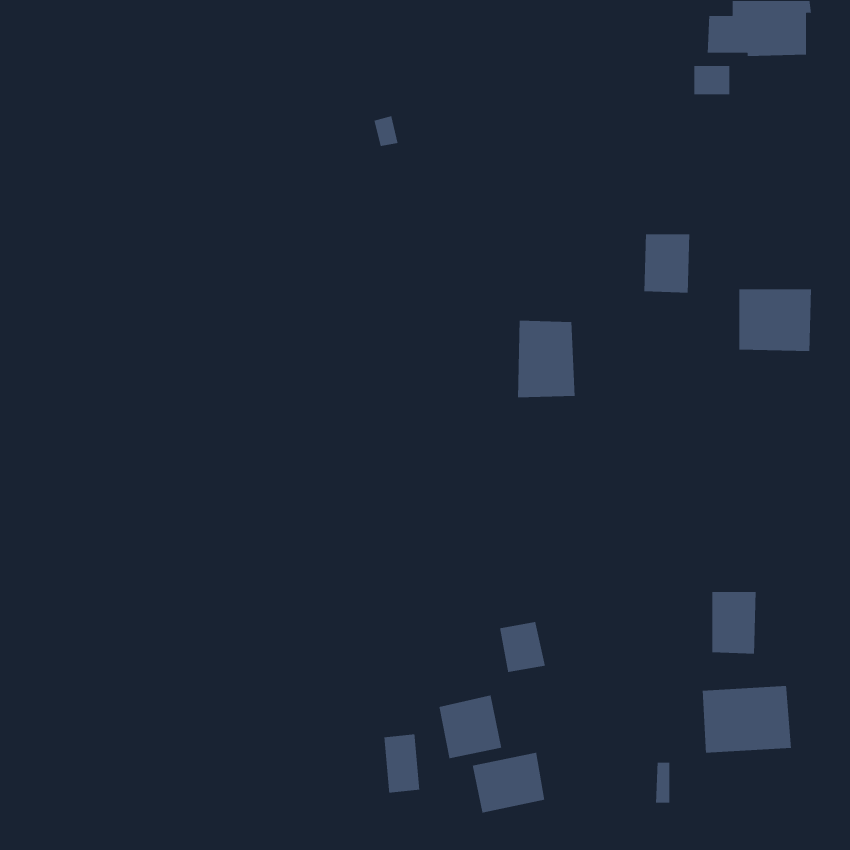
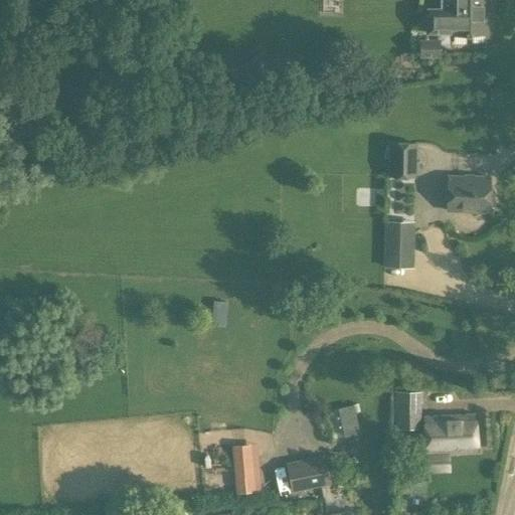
building: [517,320,576,398] -> [382,221,417,269]
building: [711,591,756,655] -> [395,391,422,430]
building: [499,621,546,673] -> [332,405,360,437]
building: [439,695,502,759] -> none

